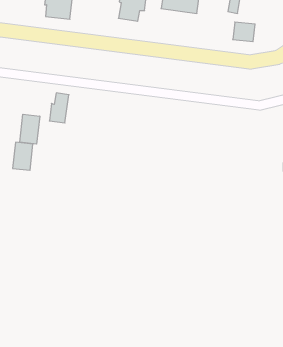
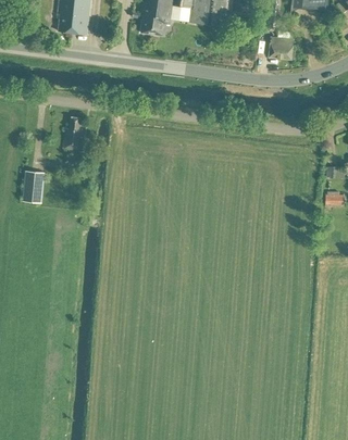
building: [20,114,40,144] -> none

